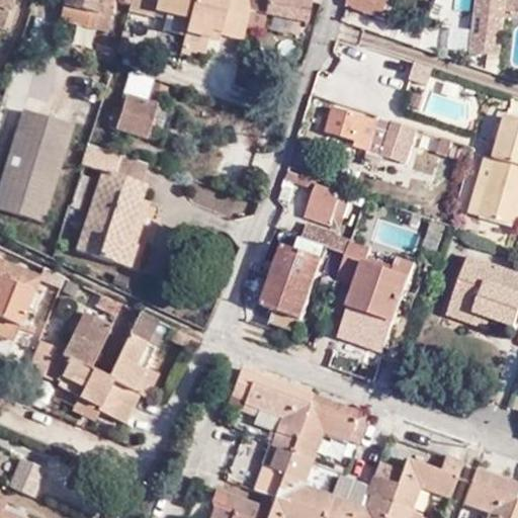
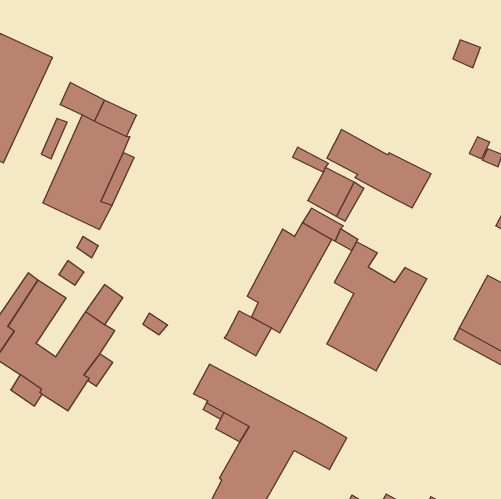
building: [116,72,156,136] -> none
building: [329,104,420,163] -> [327,130,431,208]
building: none -> [224,311,271,356]

